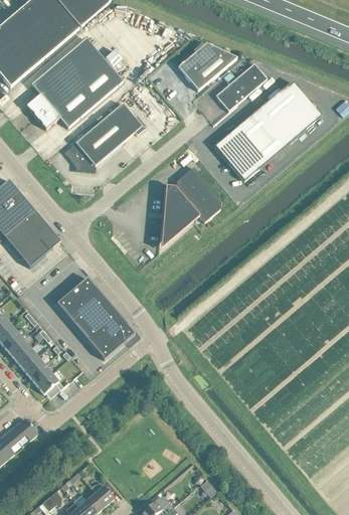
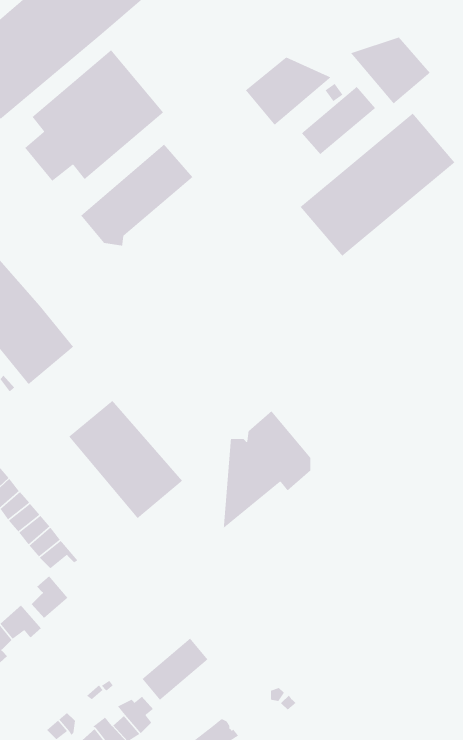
building: none -> [350,37,431,105]
building: [160,166,220,247] -> [223,410,311,530]
building: none -> [31,575,68,619]
building: none -> [141,637,209,701]

